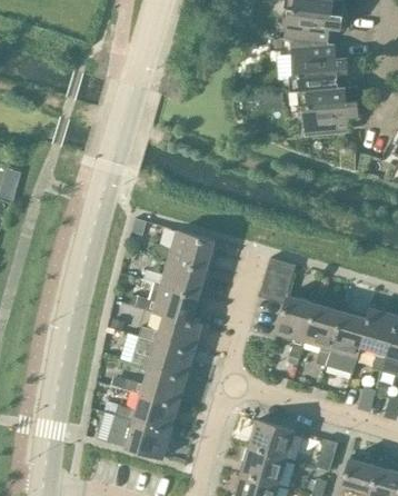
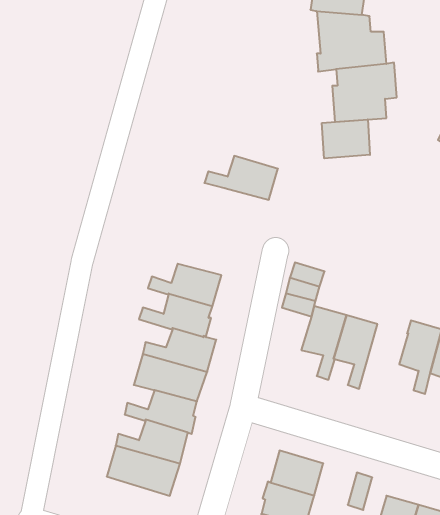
building: none -> [322,119,370,158]
building: [151,231,215,269] -> [204,156,278,200]
building: [326,311,368,375] -> none

